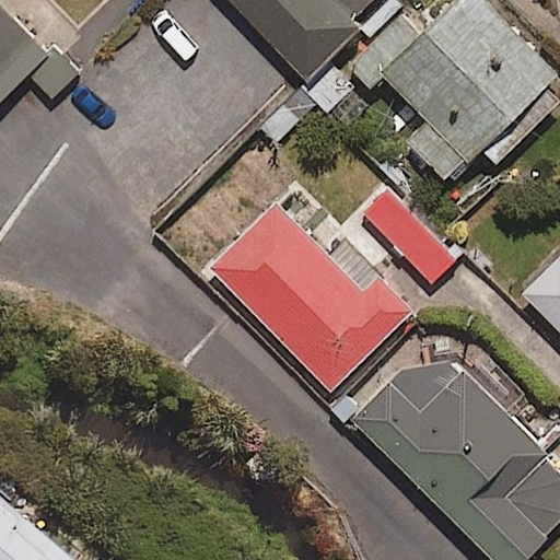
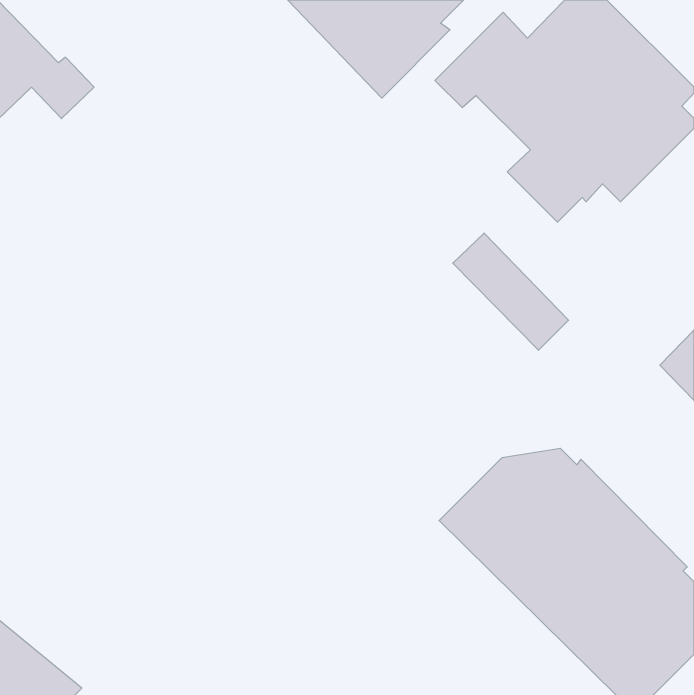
building: [207,197,411,390] -> none

